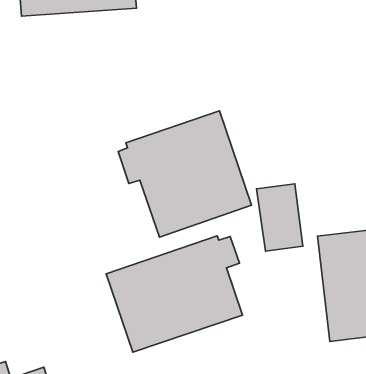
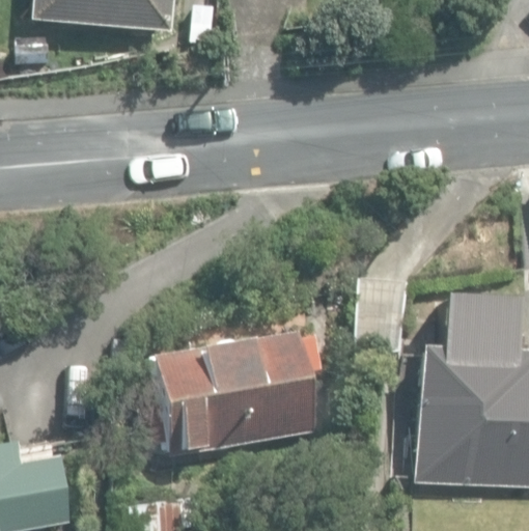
building: [118,111,251,237] -> none

